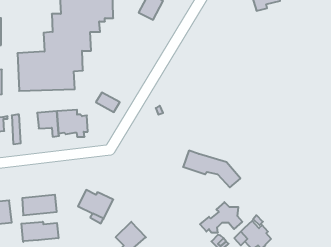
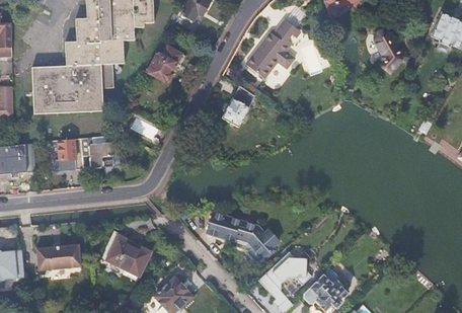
building: none -> [242,22,299,81]
building: none -> [376,30,405,72]
building: none -> [147,47,185,82]
building: none -> [222,86,255,127]
building: [183,151,240,187] -> [207,210,278,255]
building: [21,222,58,242] -> none

